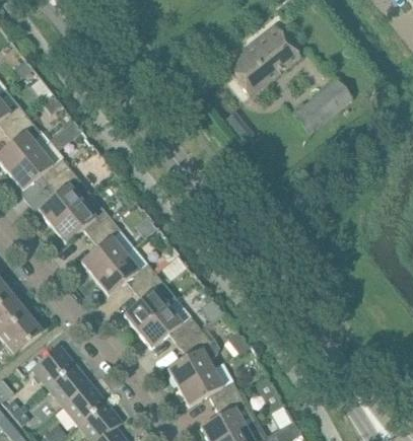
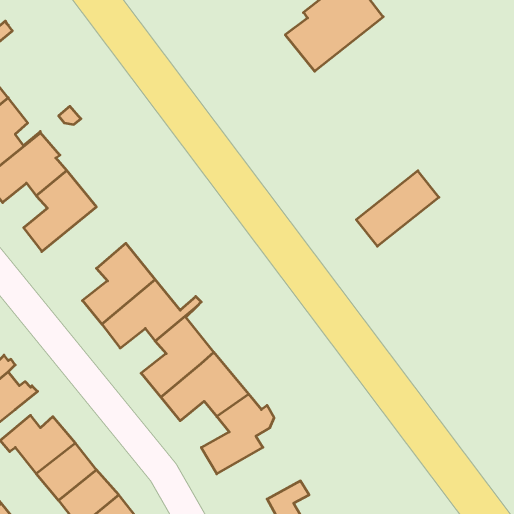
building: [292,79,352,134] -> [356,171,439,246]
building: [51,194,112,243] -> none
building: [178,368,238,407] -> none

